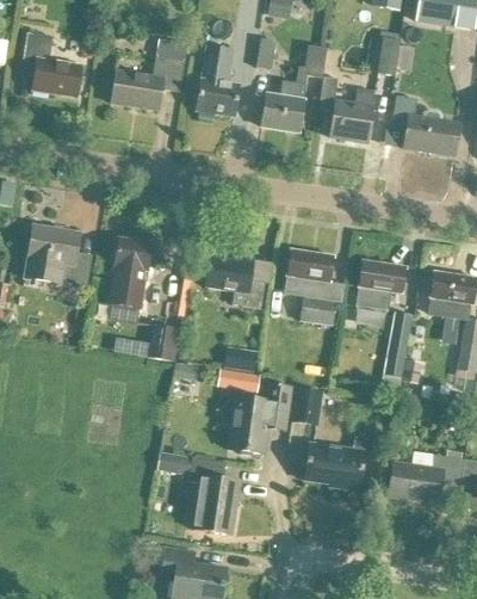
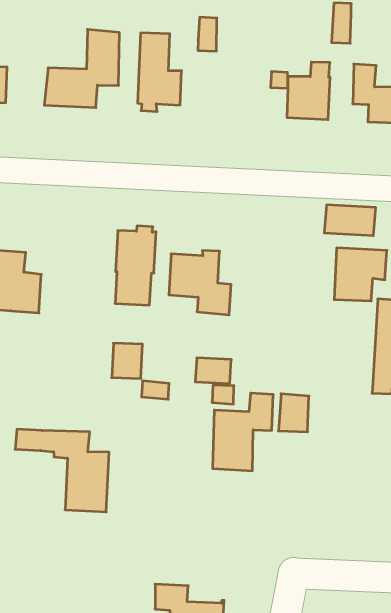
building: [261,45,328,132] -> none
building: [110,236,154,309] -> [115,226,156,305]
building: [286,249,335,282] -> [324,205,376,236]
building: [301,295,337,326] -> none
building: [304,433,368,489] -> none
building: [155,451,240,535] -> [15,429,109,512]

